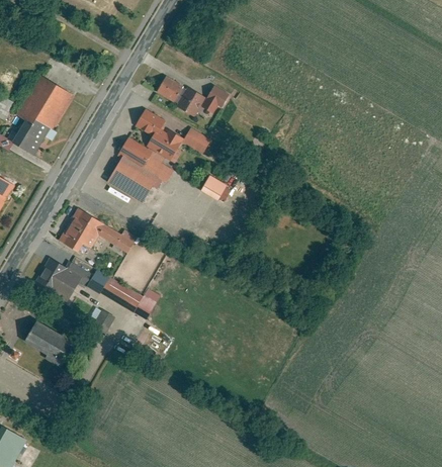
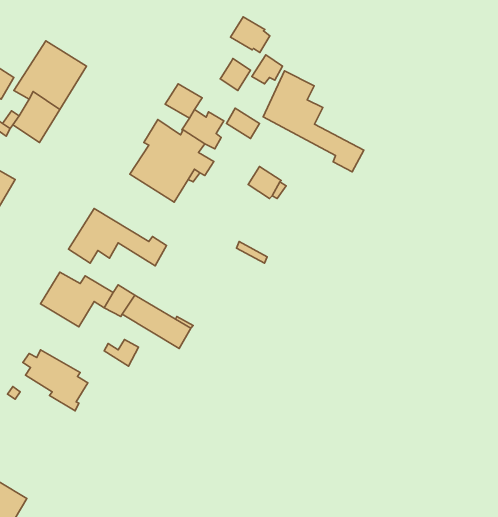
building: [156,76,187,104] -> [230,17,270,52]
building: none -> [263,71,364,172]

